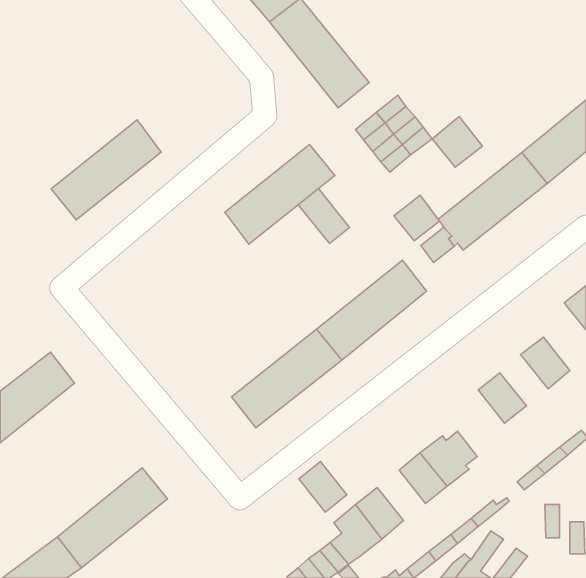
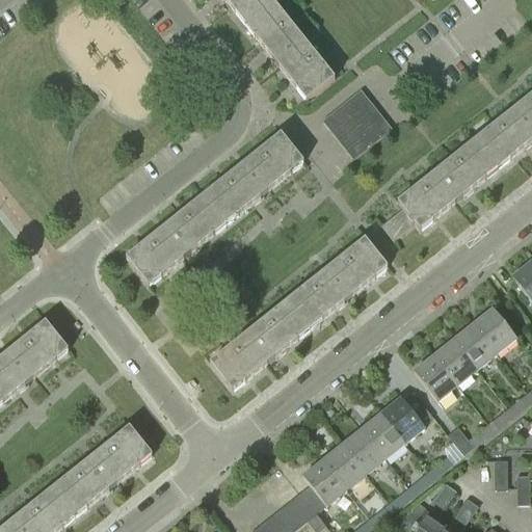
building: [432,117,483,167] -> none
building: [51,120,161,220] -> [126,192,225,283]
building: [298,188,350,244] -> none
building: [394,195,439,241] -> none
building: none -> [453,321,497,368]
building: none -> [413,353,457,399]
building: [299,462,347,512] -> [342,426,385,472]

